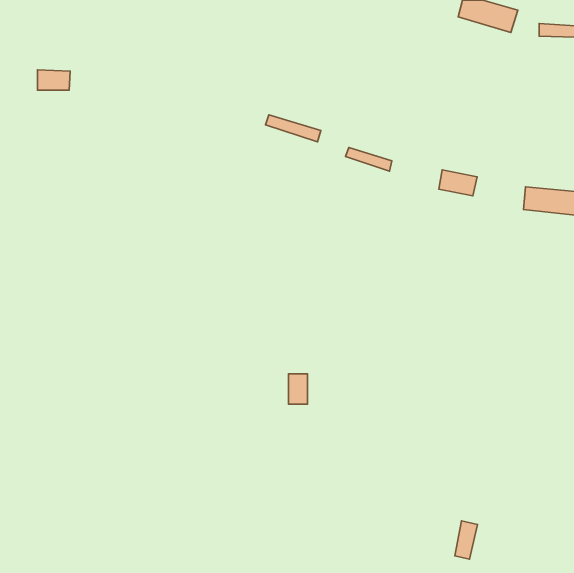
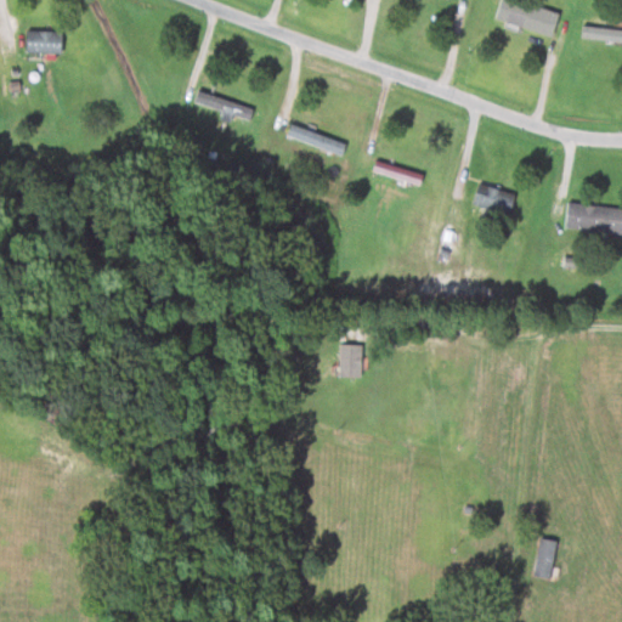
building: [38,70,70,90] -> [28,32,63,53]
building: none -> [196,91,255,124]
building: [289,374,308,404] -> [339,346,360,379]
building: [455,521,477,559] -> [532,539,556,581]

